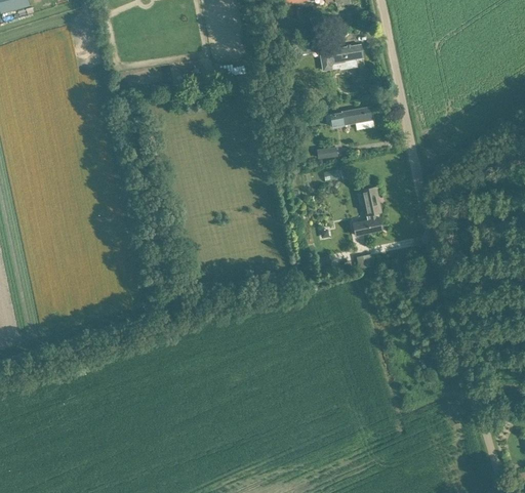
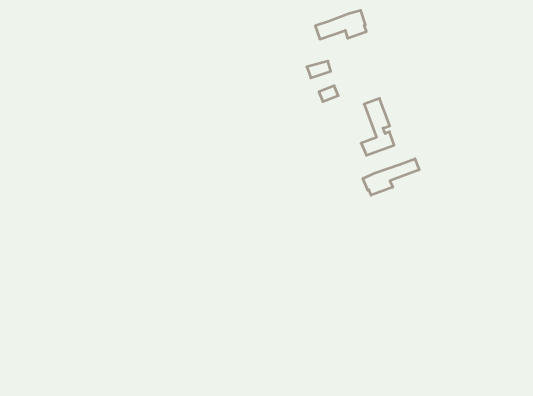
building: none -> [363,159,419,195]

